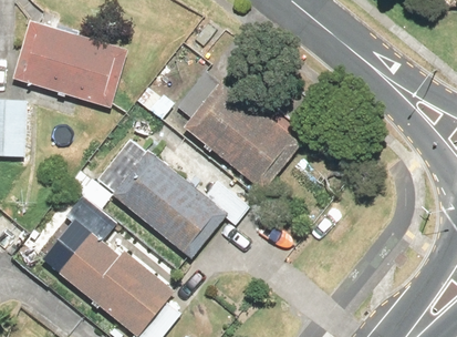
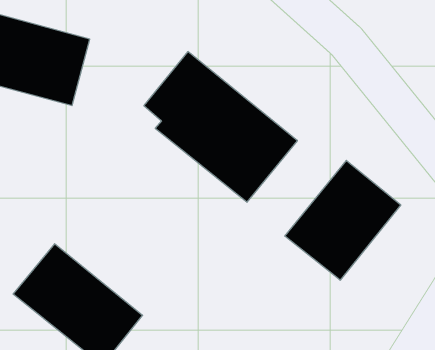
building: [93,136,225,258] -> none
building: none -> [285,160,401,280]

